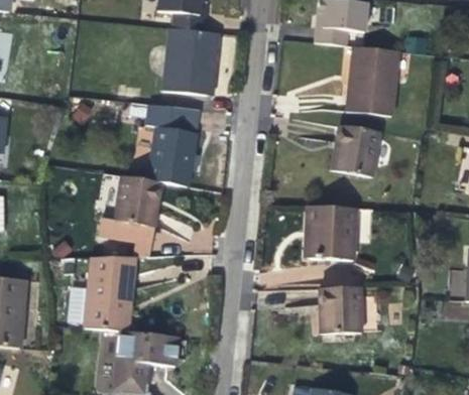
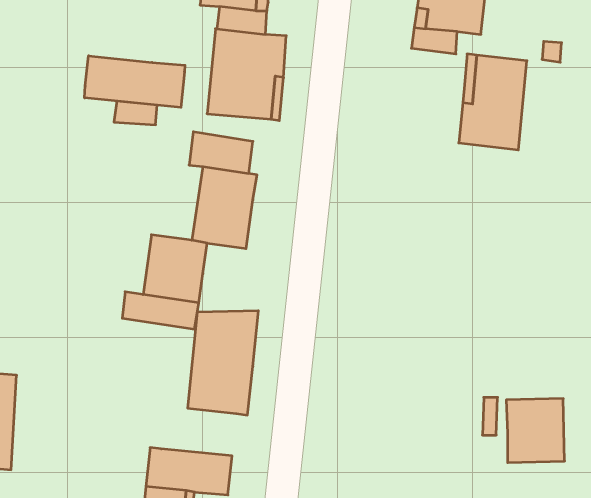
building: none -> [85,56,185,107]
building: [330,123,378,174] -> none
building: [306,205,354,259] -> none
building: [87,256,138,332] -> [188,311,258,415]
building: [318,284,360,331] -> [506,399,565,463]

